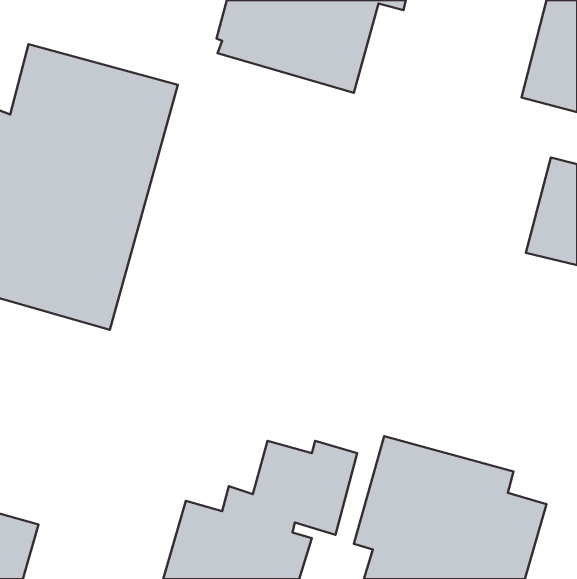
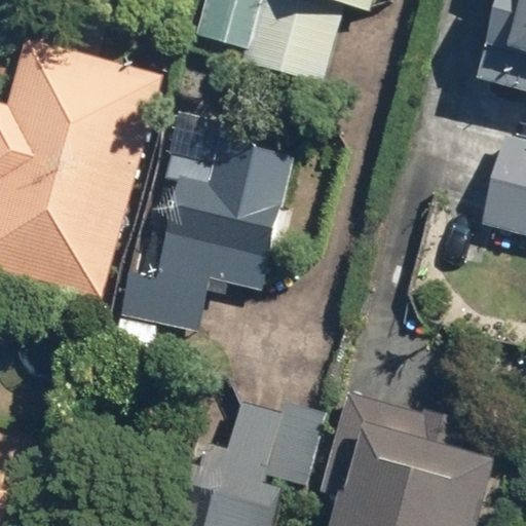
building: none -> [119,109,294,333]

